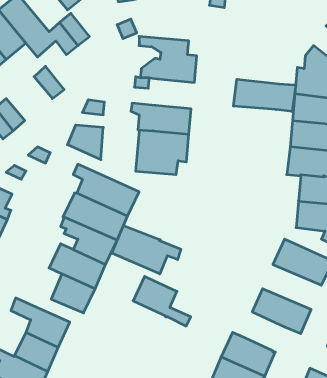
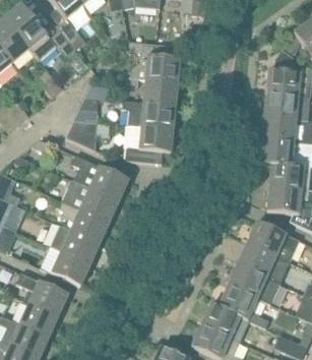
building: none -> [143,79,178,106]
building: [233,79,296,112] -> none
building: [112,226,181,274] -> none
building: none -> [238,243,290,283]
building: [133,276,191,326] -> [219,285,269,328]

